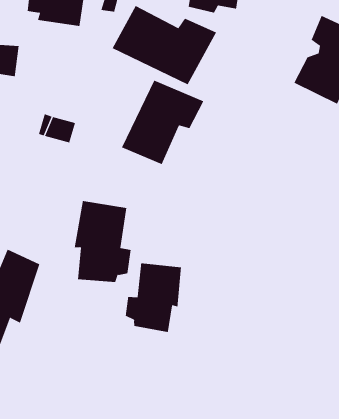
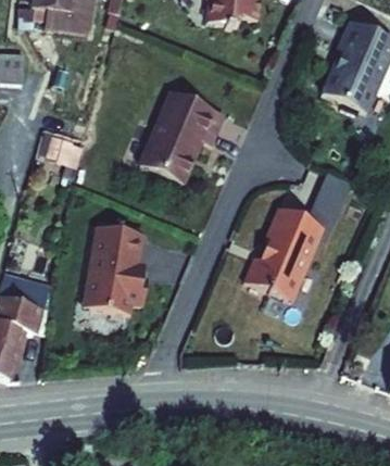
building: [112,5,217,85] -> none
building: none -> [235,178,353,308]
building: [125,263,181,333] -> none

